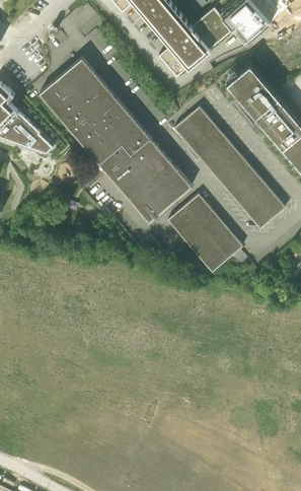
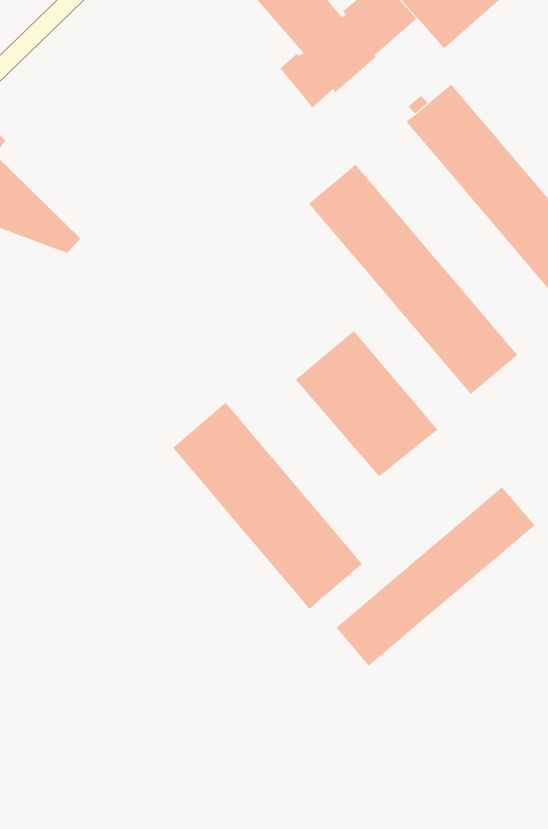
building: [39,57,191,223] -> none
building: none -> [172,402,363,610]
building: none -> [335,486,535,666]

